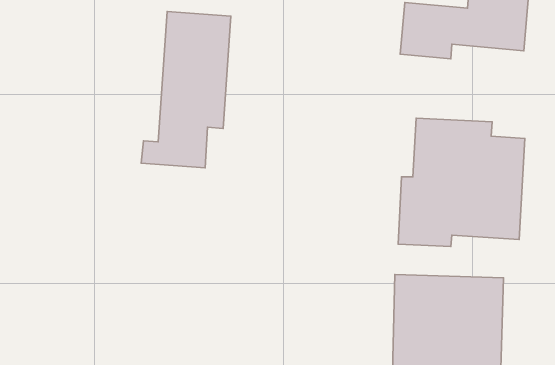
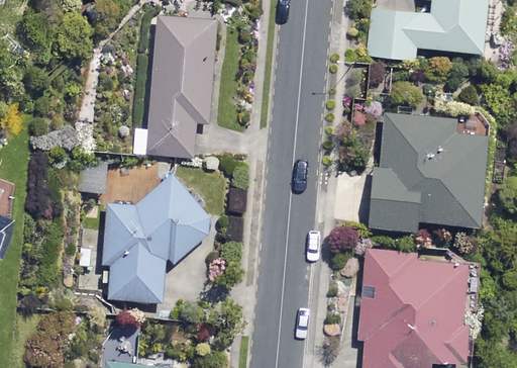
building: none -> [110,175,216,301]

